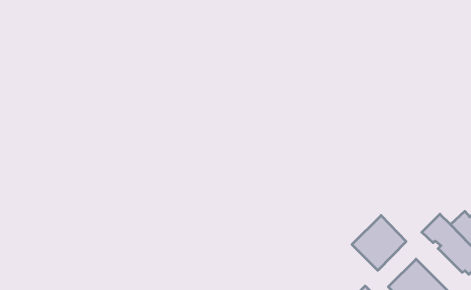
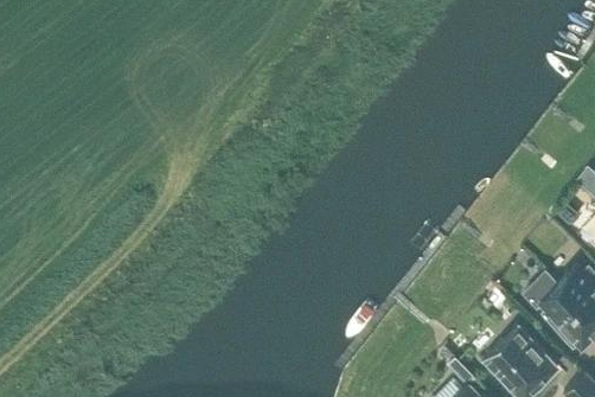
building: [352,215,406,270] -> none

